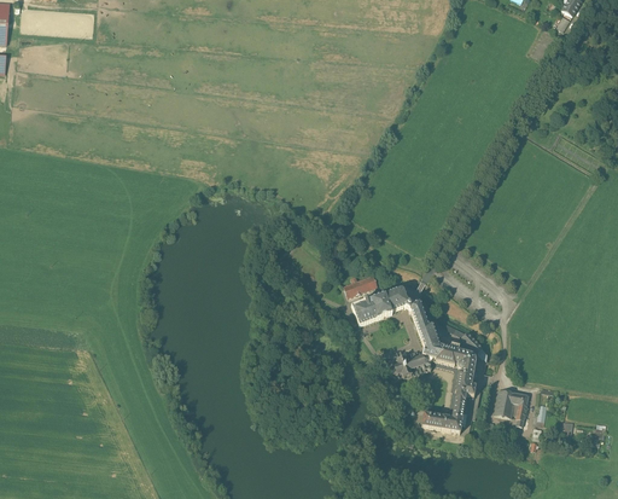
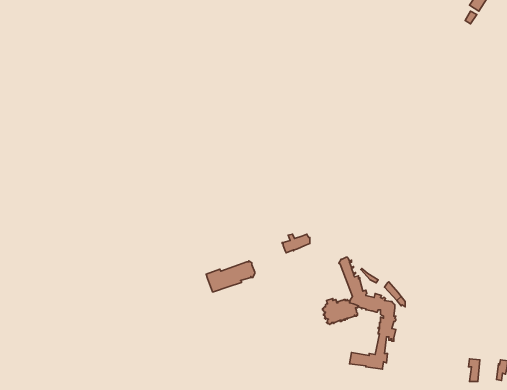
building: [350,288,407,324] -> [206,261,255,292]
building: [492,389,527,427] -> none

